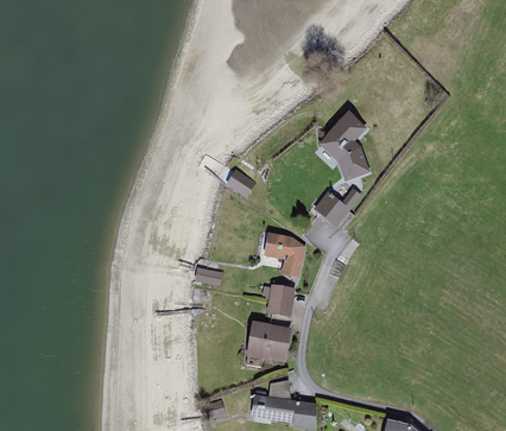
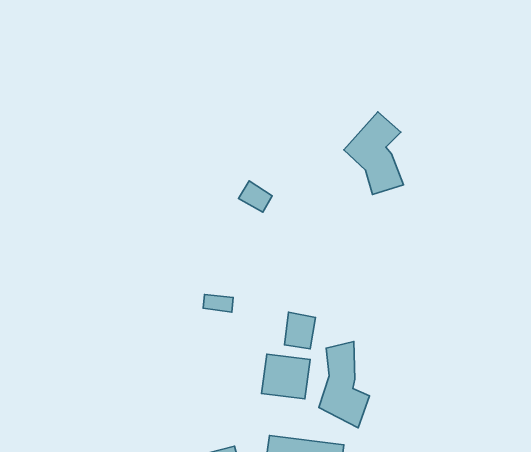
building: [316,191,360,226] -> none
building: [261,233,305,278] -> none
building: none -> [319,342,370,428]

